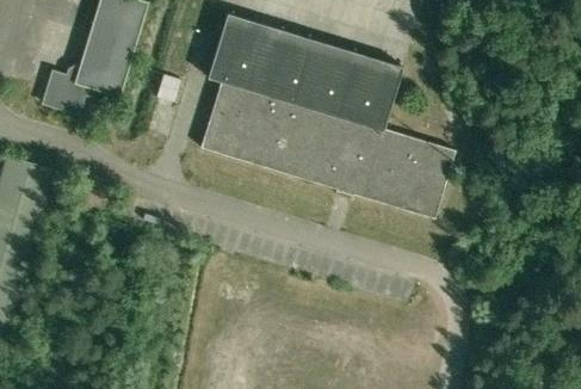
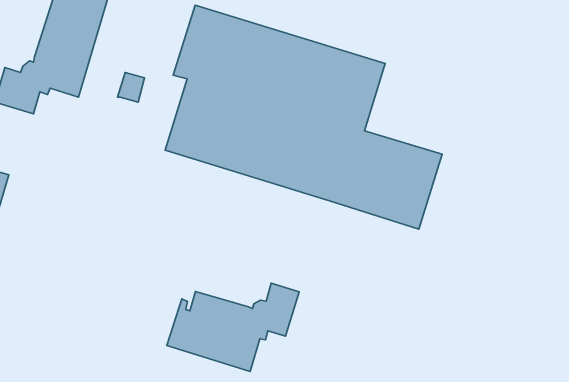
building: none -> [167,283,299,371]

